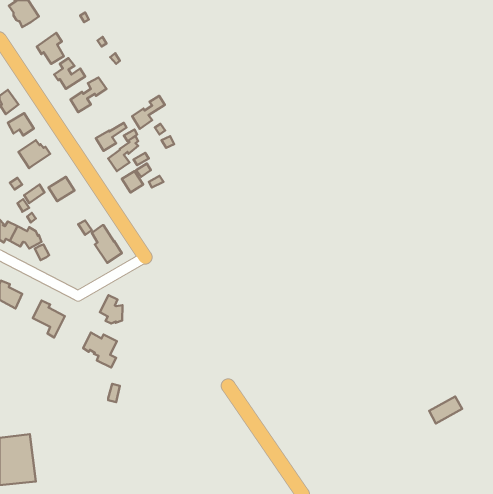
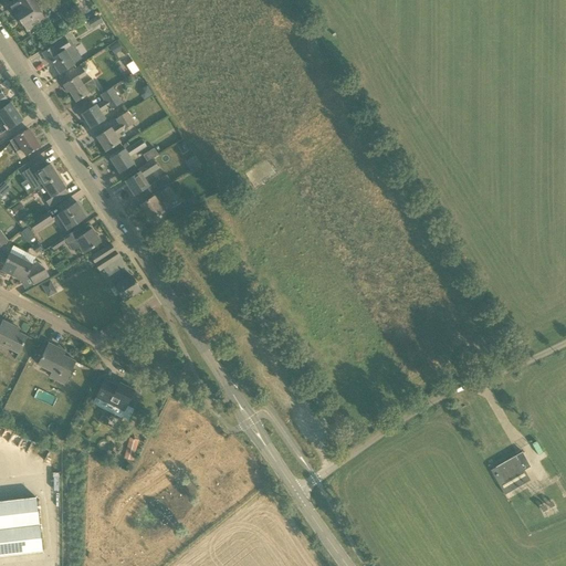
building: [132,96,165,129] -> [96,114,134,151]
building: none -> [36,176,67,208]
building: none -> [50,229,101,253]
building: [100,295,123,323] -> none

